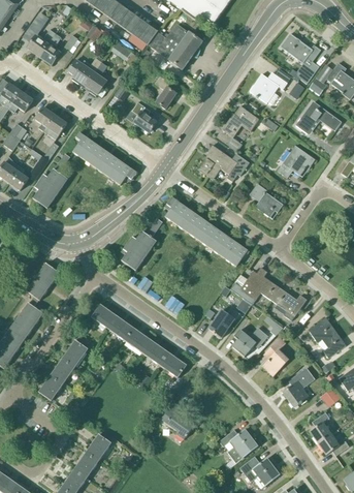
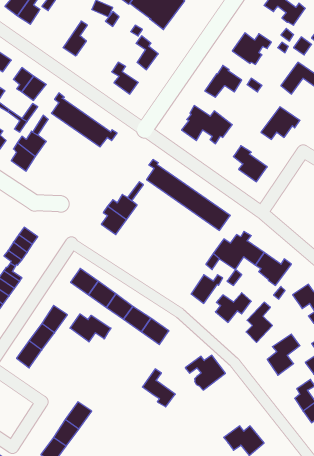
building: [67,58,101,87] -> none
building: none -> [70,314,111,342]
building: [219,428,258,462] -> [185,355,225,390]

